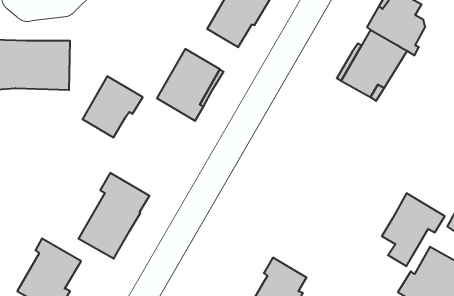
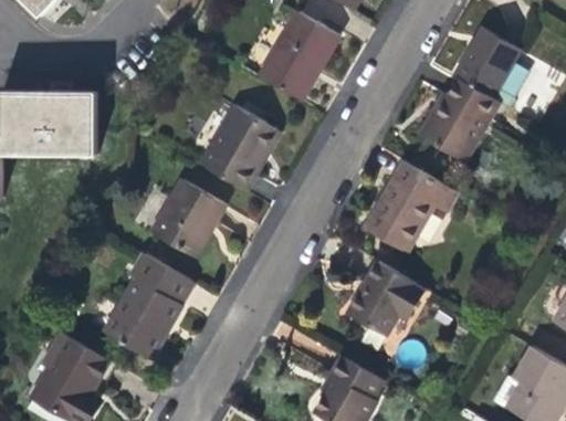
building: [82,76,143,137] -> [150,178,223,252]
building: none -> [363,162,455,253]
building: [382,193,445,266] -> [346,261,422,349]

